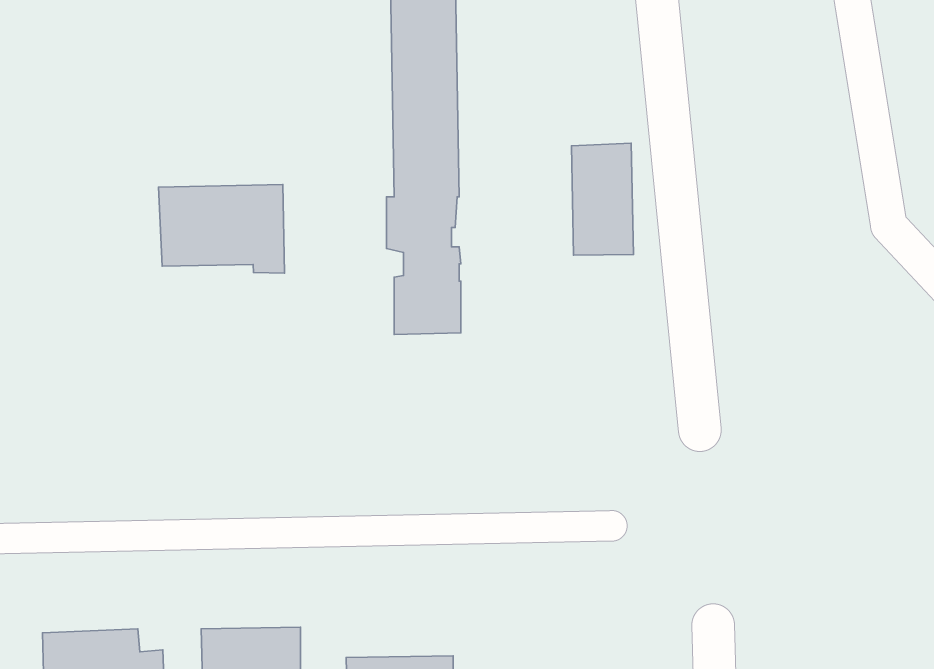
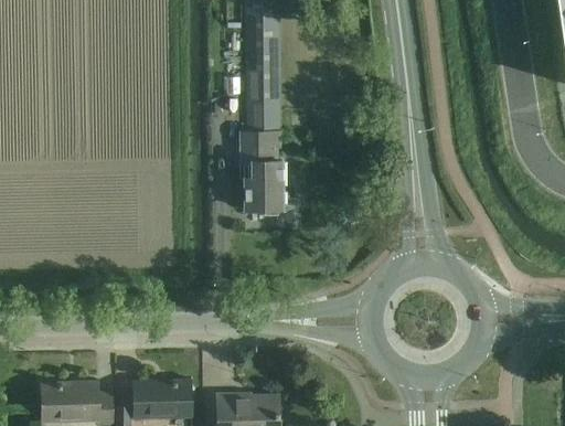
building: [571,143,633,255] -> none
building: [159,184,285,273] -> none

